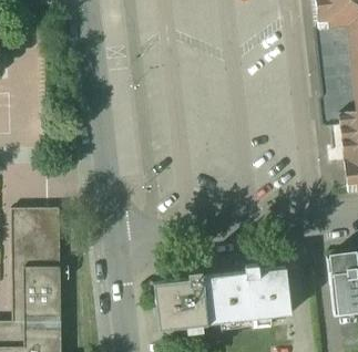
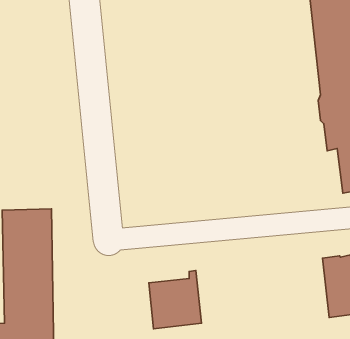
building: [205,263,291,321] -> none

